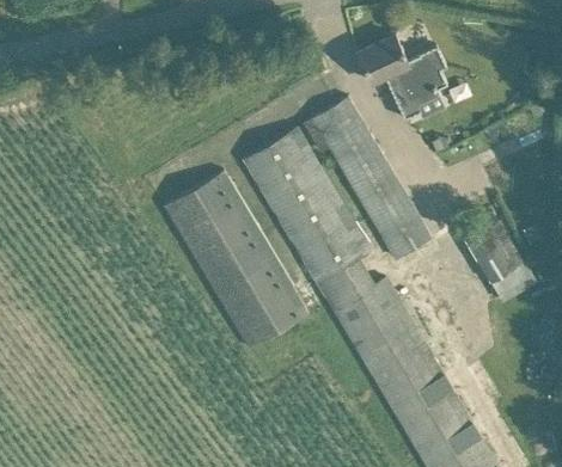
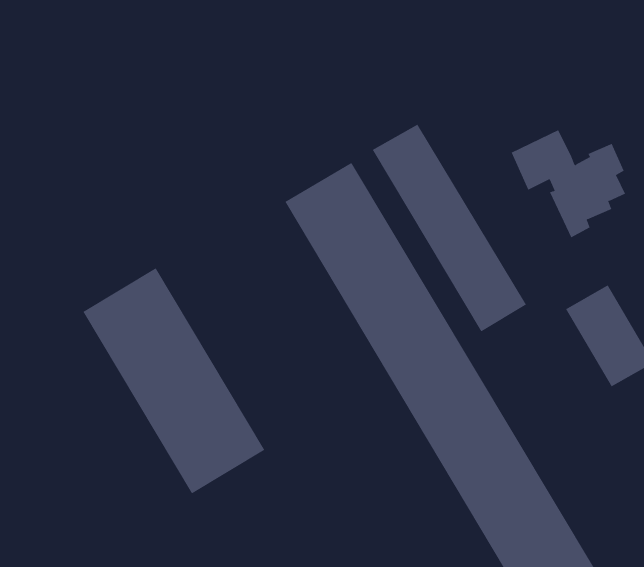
building: [358,36,447,121] -> [511,129,626,238]
building: [165,172,307,349] -> [83,267,265,494]

